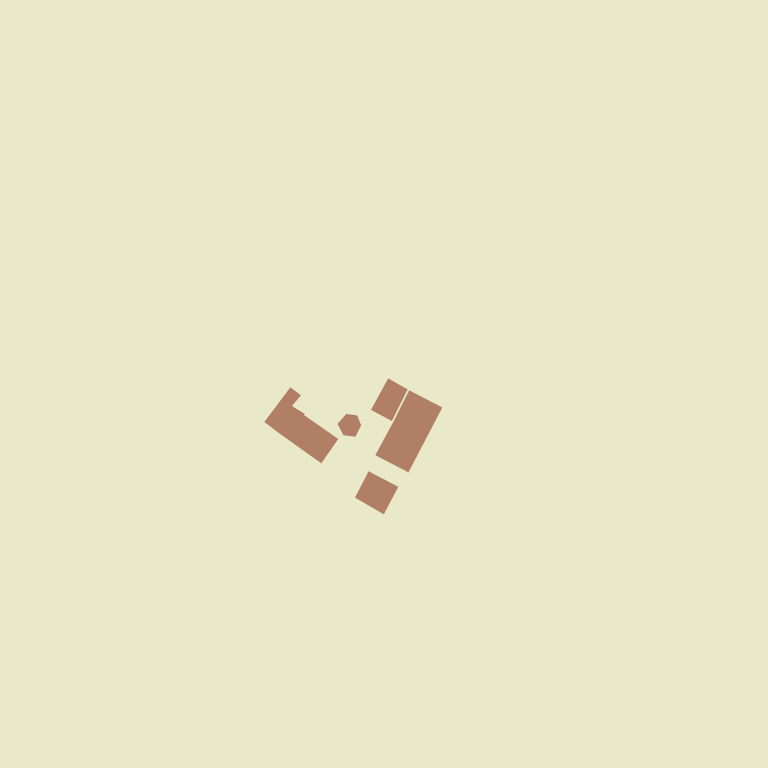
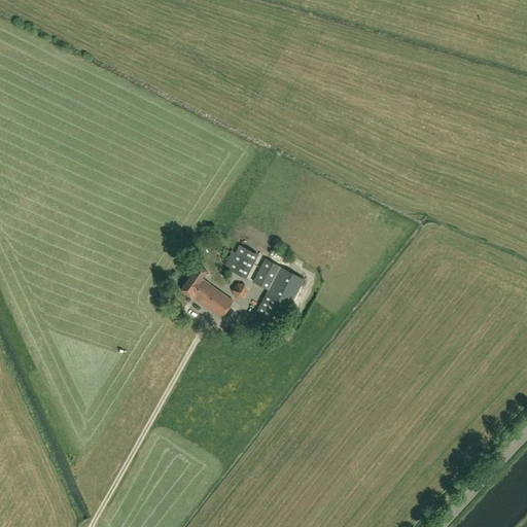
building: none -> [224,245,258,278]
building: [354,470,400,516] -> none

